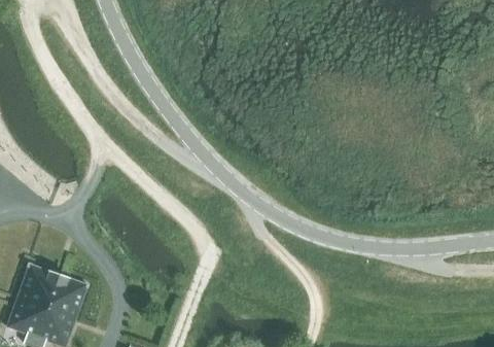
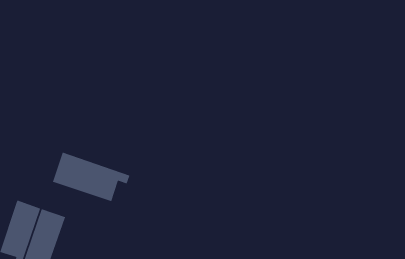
building: none -> [52,152,130,202]

